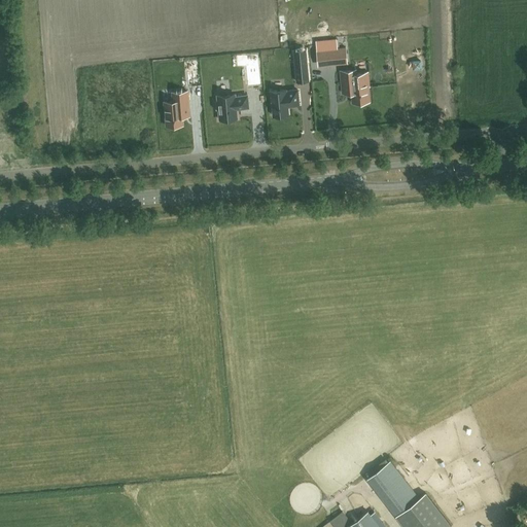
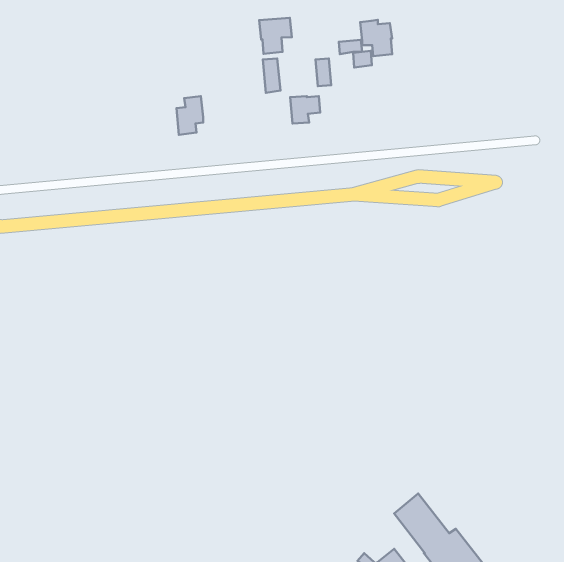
building: none -> [259,18,292,54]
building: [340,71,370,105] -> [360,20,392,56]
building: [215,96,248,121] -> none

